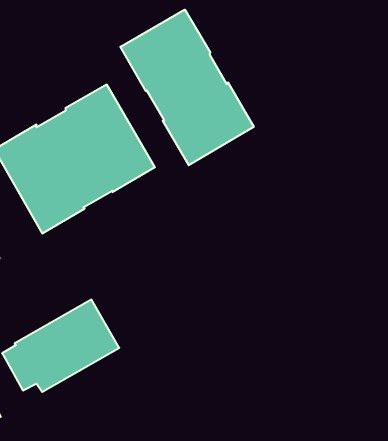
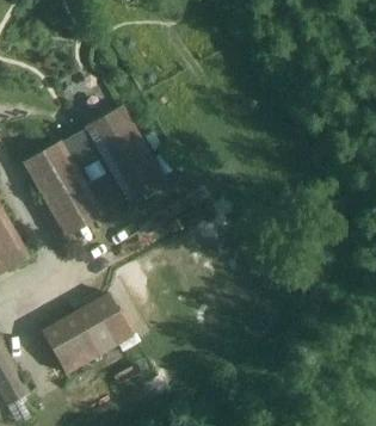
building: [120,10,254,165] -> none

